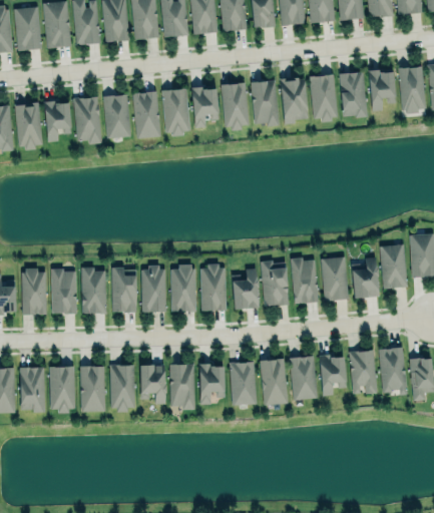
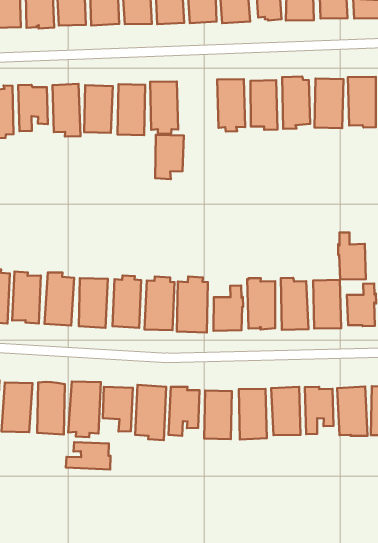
building: [191,88,218,128] -> [155,135,184,179]
building: none -> [338,232,366,279]
building: none -> [66,442,111,469]

